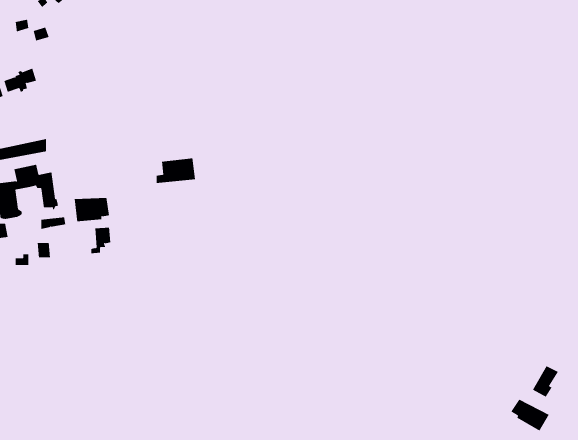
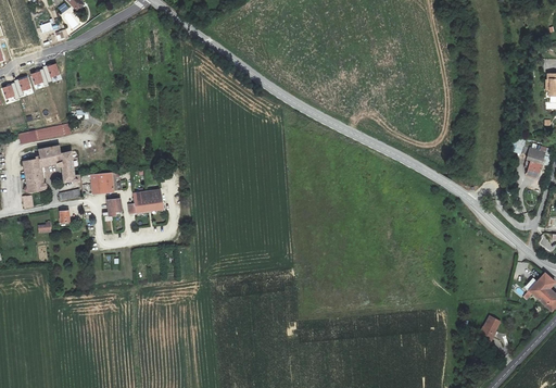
building: [156,158,196,183] -> [129,189,163,211]
building: [511,399,550,431] -> none

